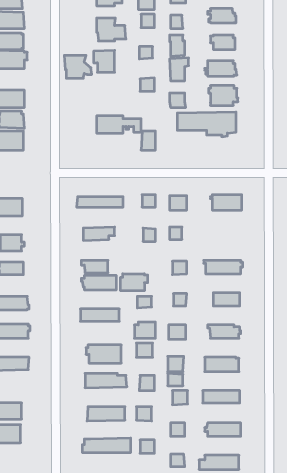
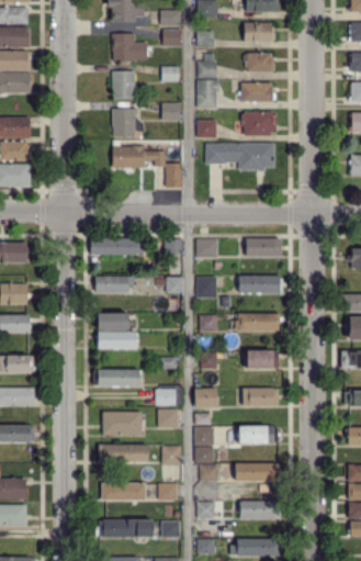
building: [64,55,92,78] -> [112,109,144,135]
building: none -> [238,276,282,292]
building: [121,274,148,291] -> none

